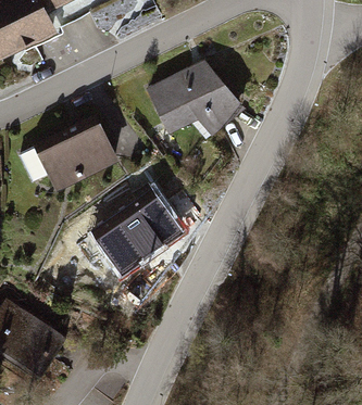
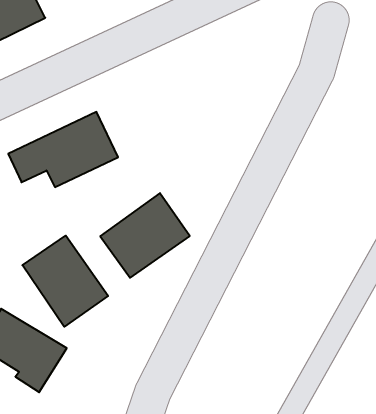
building: [147,62,245,137] -> none
building: none -> [22,236,108,327]

